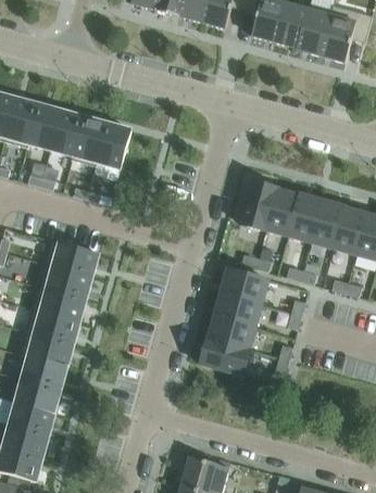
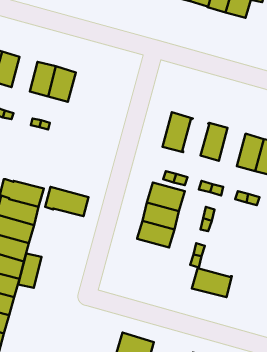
building: [51,111,84,154] -> none
building: [265,189,299,235] -> none
building: [311,200,346,248] -> none
building: [43,239,98,276] -> [45,187,89,216]
building: [200,338,250,375] -> [192,268,232,297]
building: none -> [18,254,42,288]

